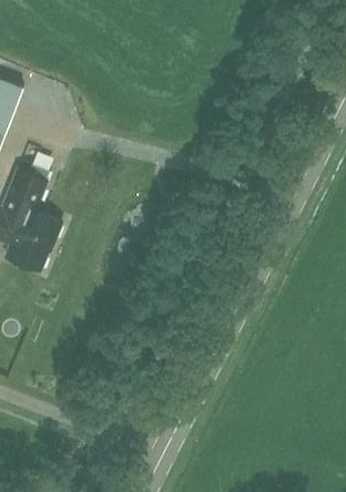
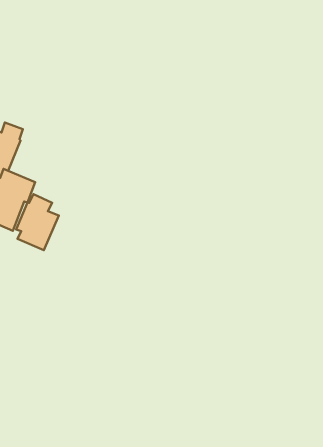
building: none -> [16,194,59,250]

